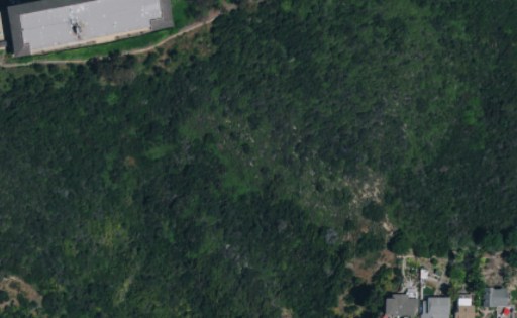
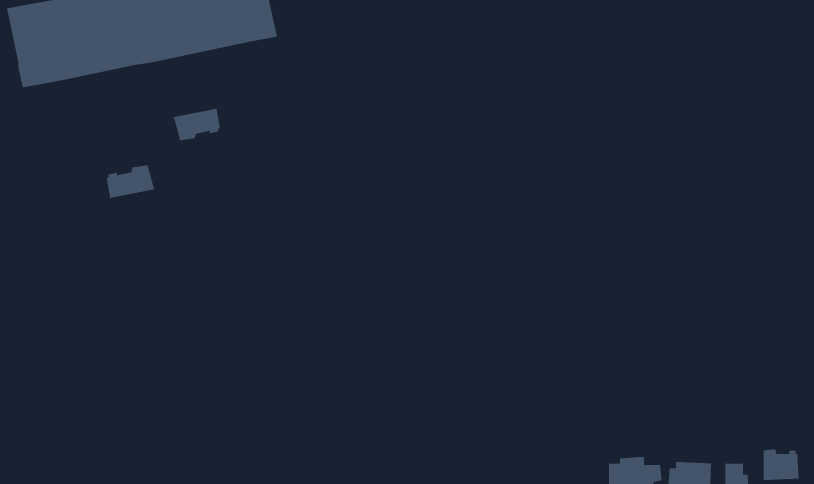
building: none -> [173,108,220,141]
building: none -> [106,165,155,199]

